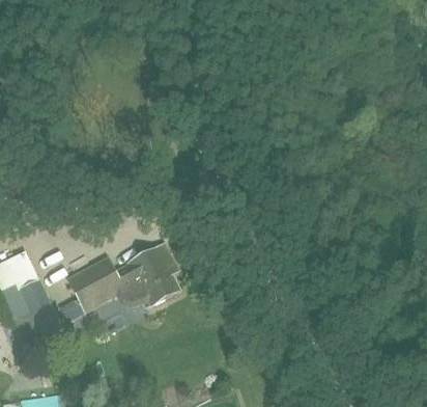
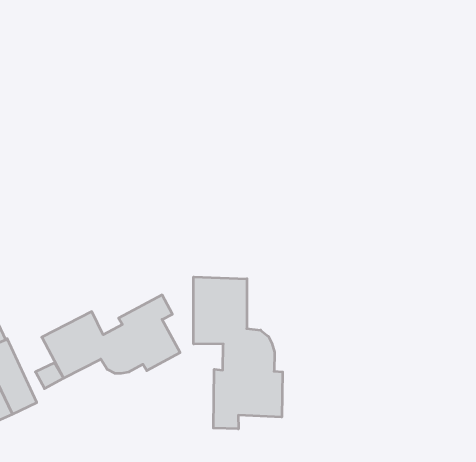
building: none -> [194,277,283,429]

